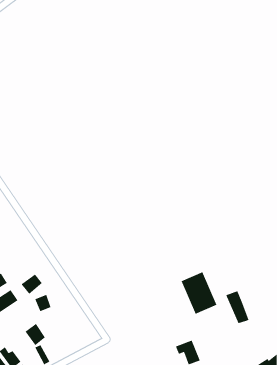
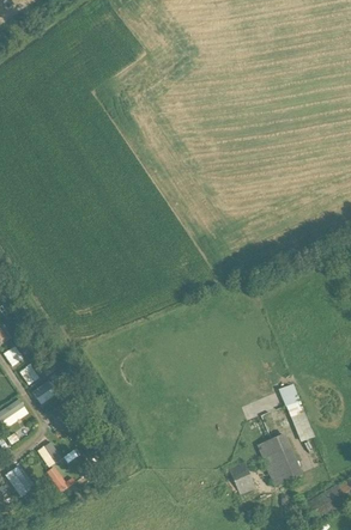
building: [181,271,217,315] -> [255,433,301,487]

